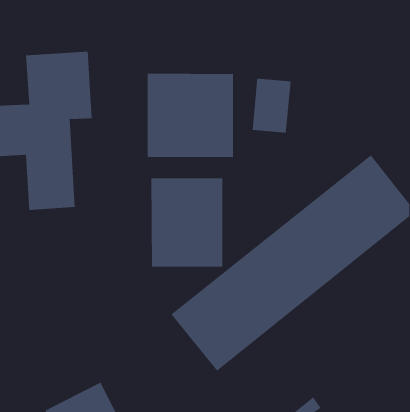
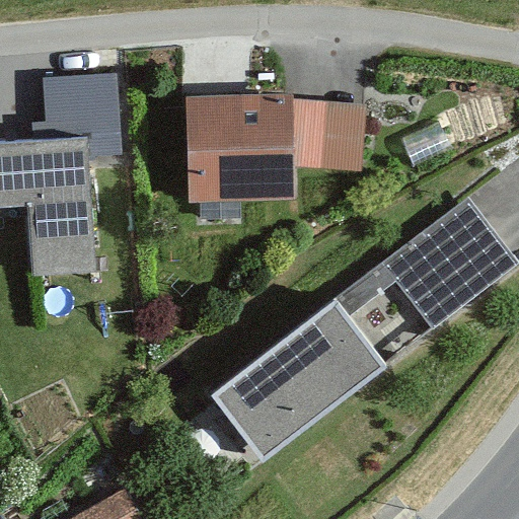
building: [151,178,223,268] -> none

